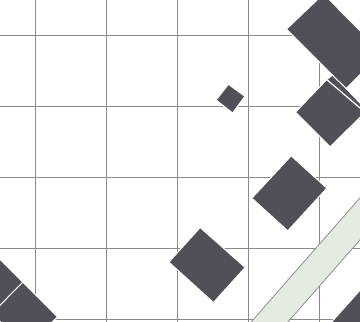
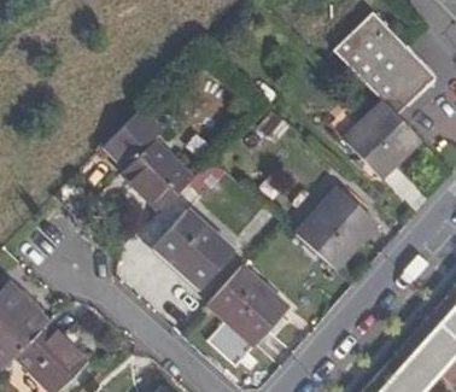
building: none -> [104,107,194,211]
building: none -> [154,209,235,287]

